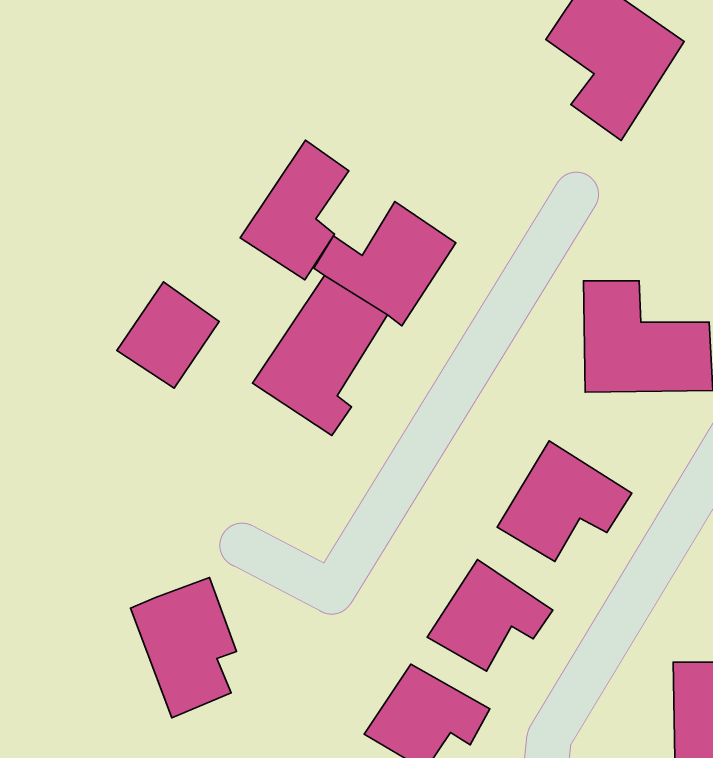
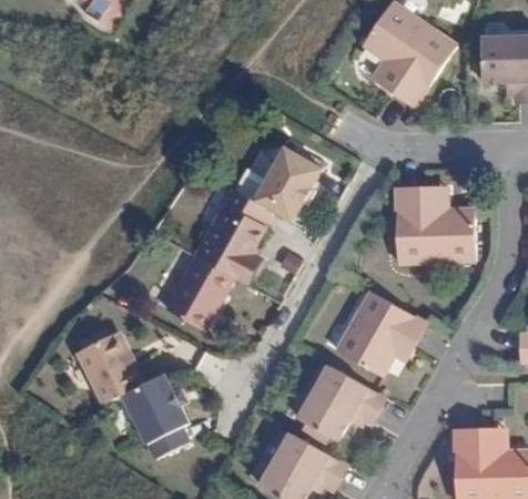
building: [240,140,349,280] -> none
building: [117,282,219,388] -> [160,266,223,332]
building: none -> [69,330,134,407]

